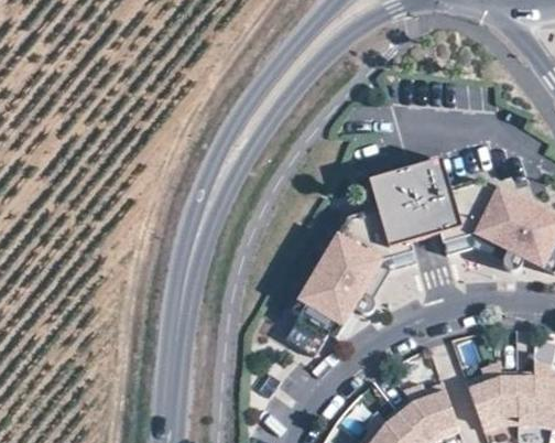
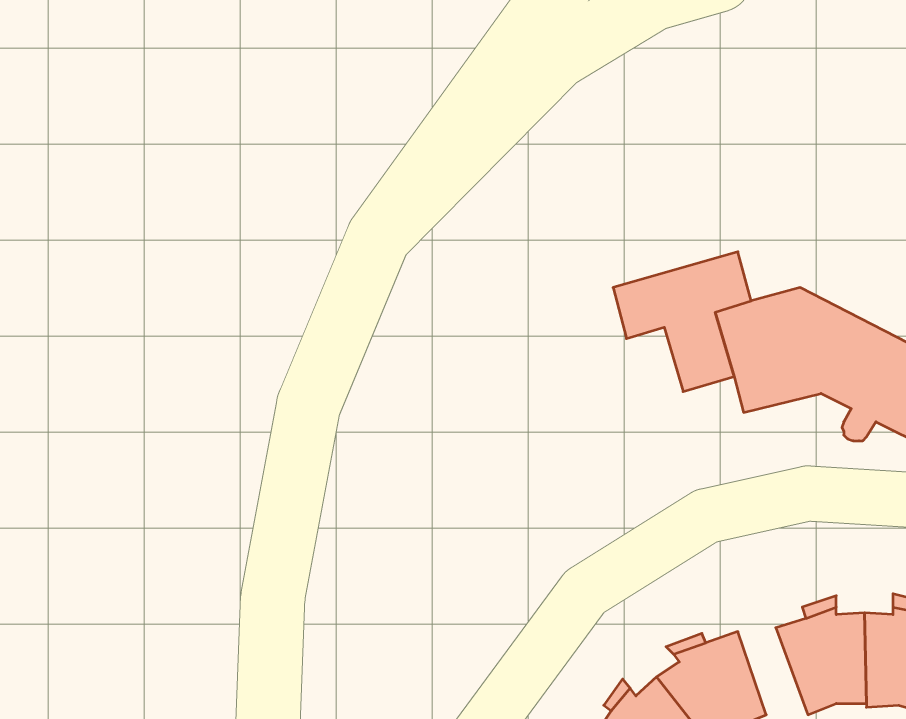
building: [289,203,417,355] -> none

